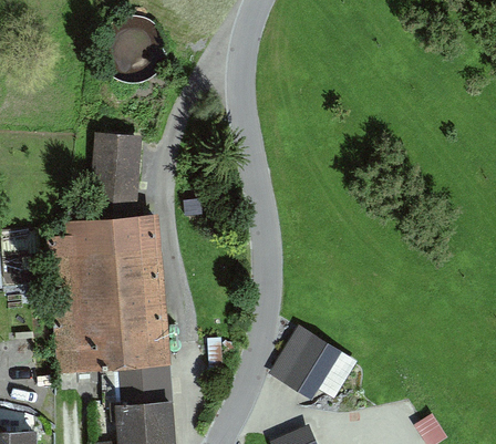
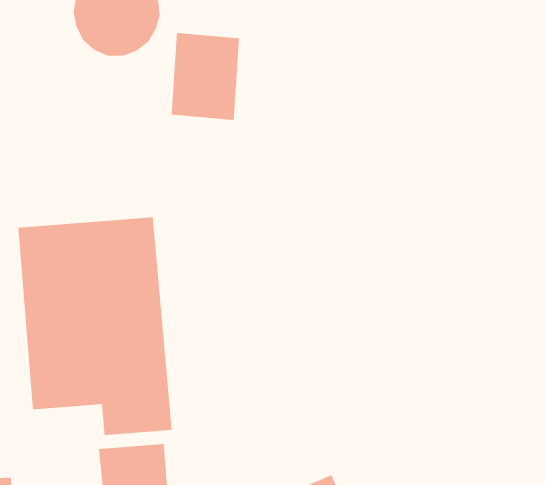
building: [90,134,146,206] -> [171,33,240,120]
building: [267,323,340,397] -> none

